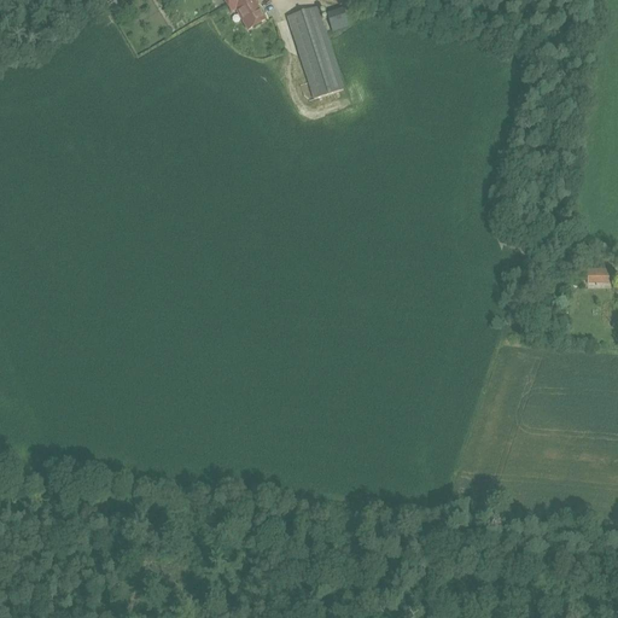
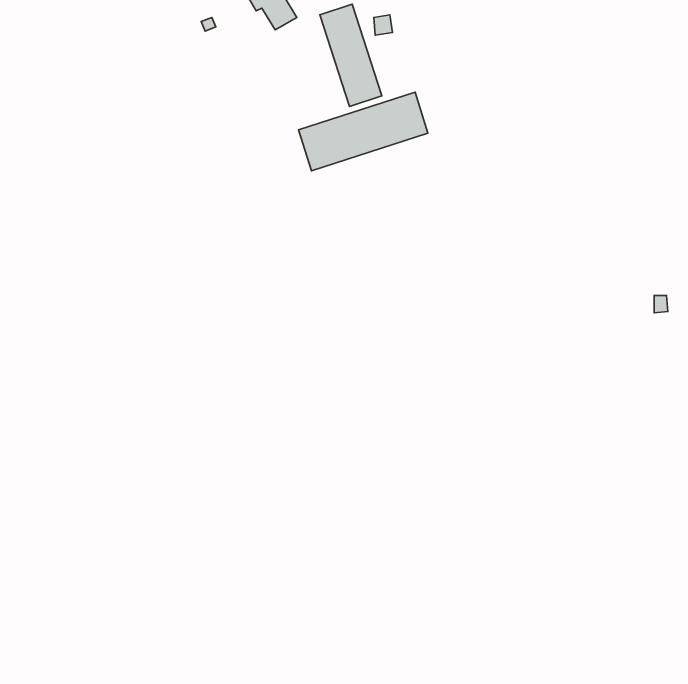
building: none -> [299,92,428,171]

